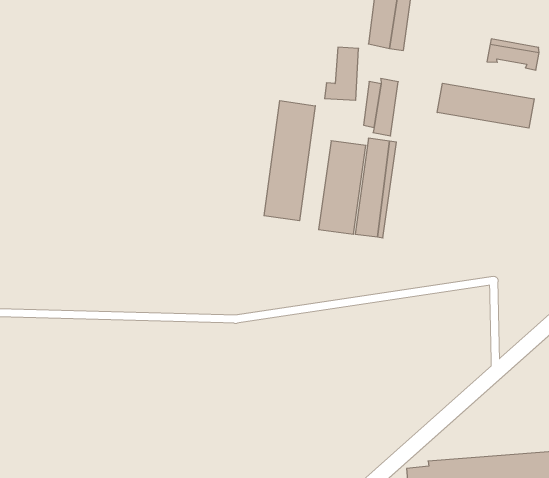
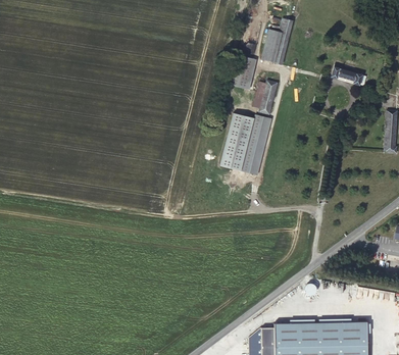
building: [437,83,534,128] -> none
building: [264,101,315,221] -> none

